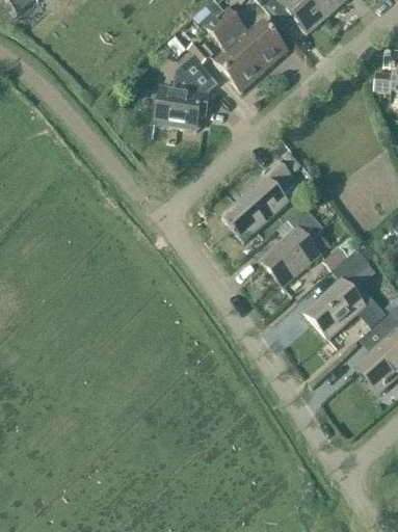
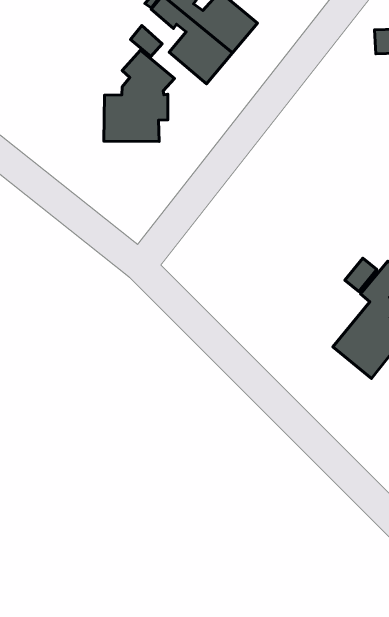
building: [221,159,294,241] -> none
building: [261,205,324,285] -> none

